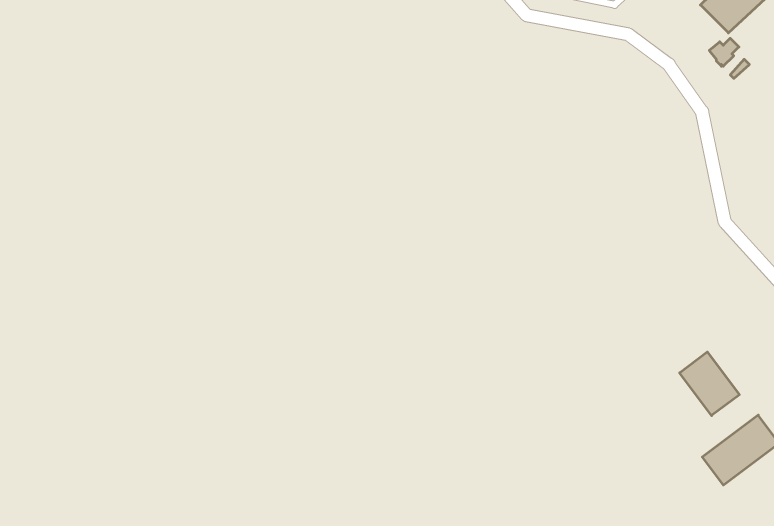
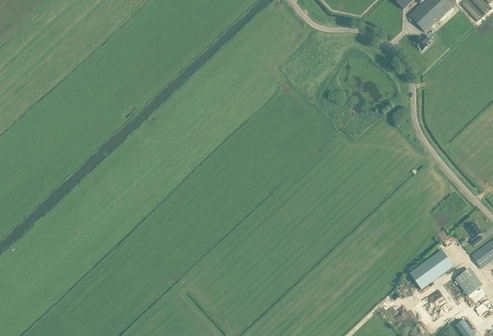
building: [680,352,739,416] -> none

